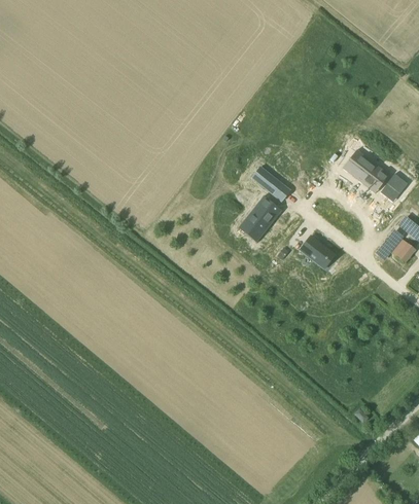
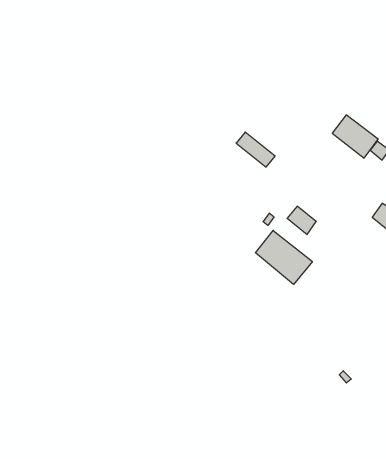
building: [240,196,283,243] -> none
building: none -> [255,230,312,284]

